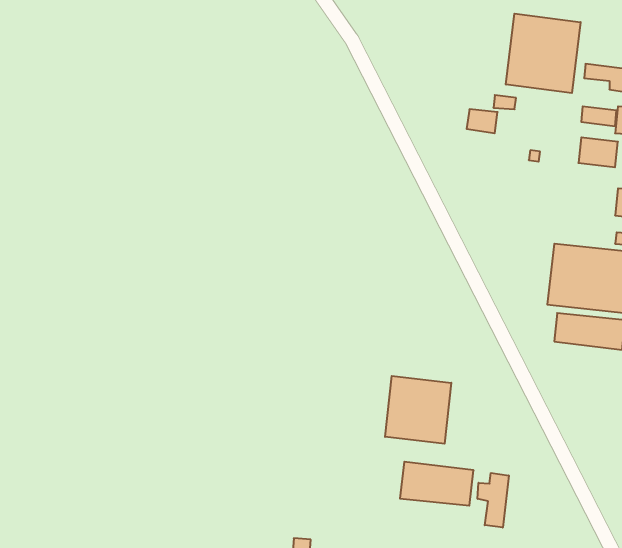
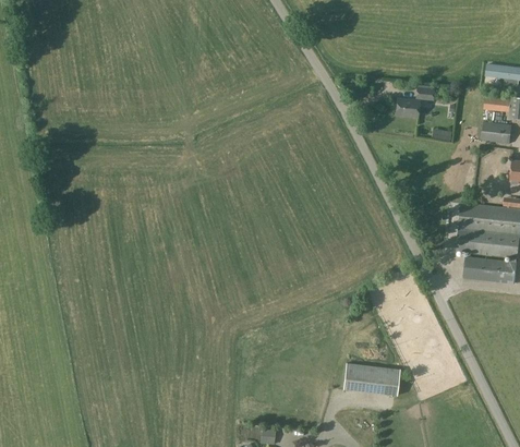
building: [506,14,581,93] -> none
building: [385,376,451,444] -> none
building: [478,473,509,528] -> none

